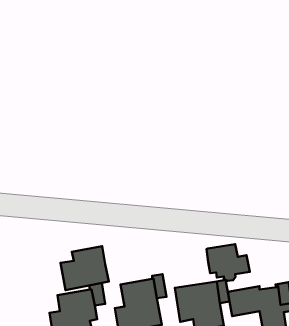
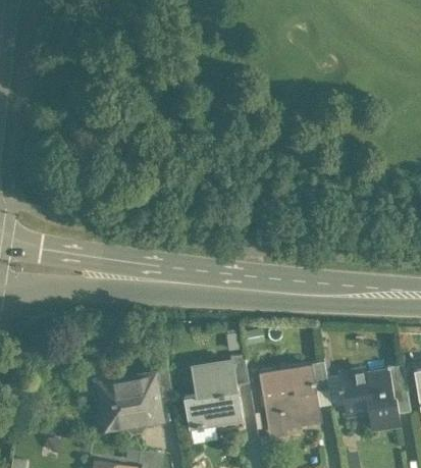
building: [206,244,250,281] -> none
building: [60,246,109,290] -> none

